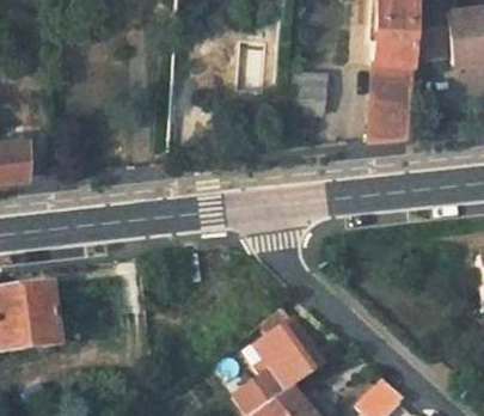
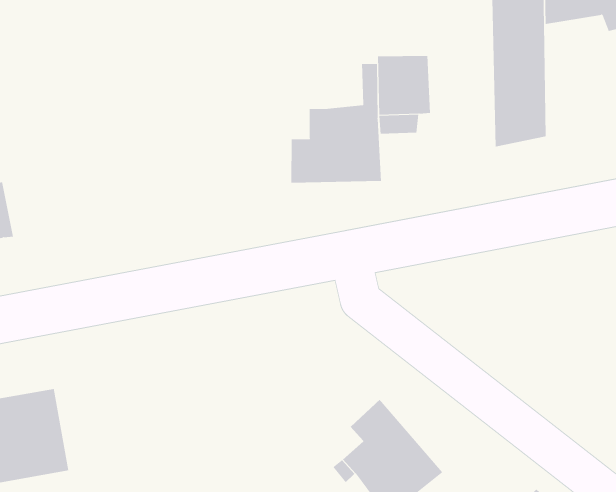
building: none -> [291,63,382,183]

